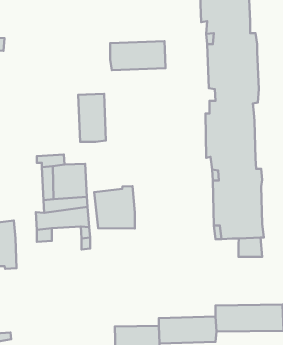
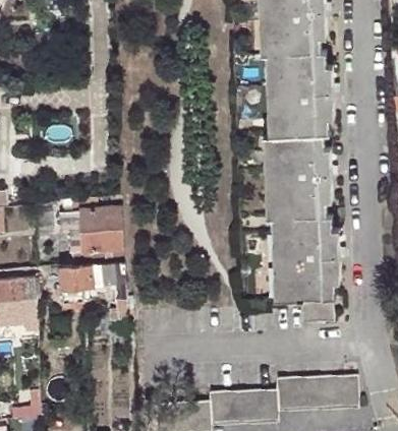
building: [110,41,165,70] -> none
building: [78,94,106,142] -> none
building: [94,186,135,229] -> none

